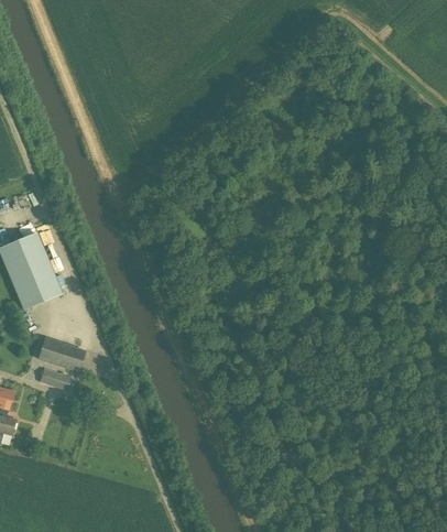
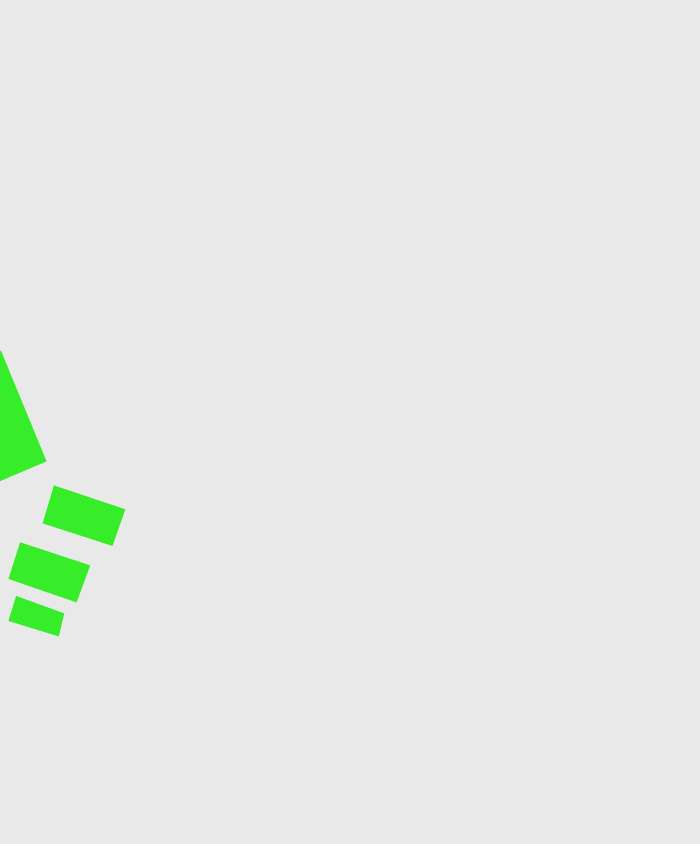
building: none -> [42,485,126,547]

